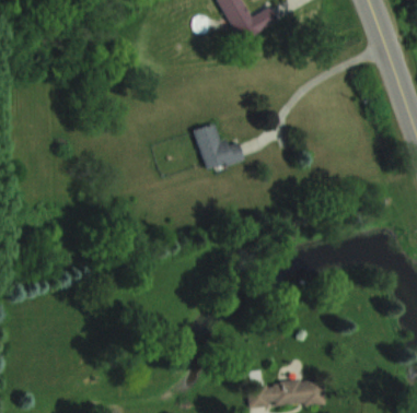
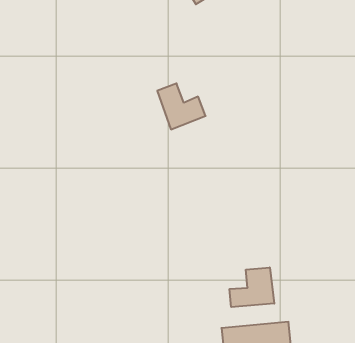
building: none -> [230,267,274,307]

